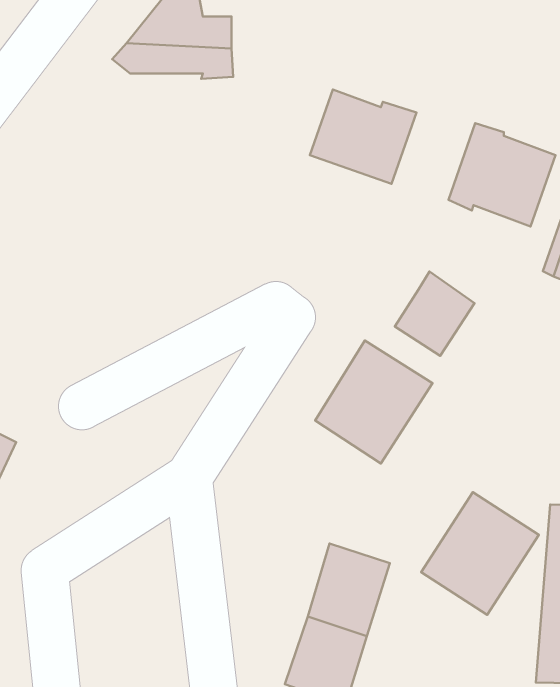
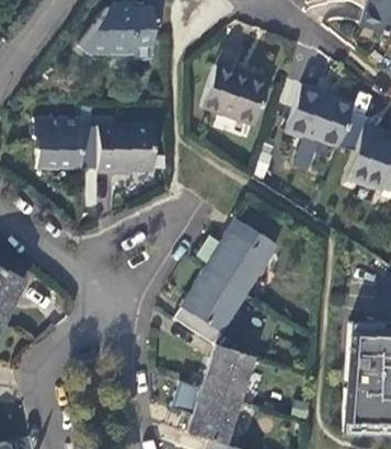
building: none -> [35,118,83,170]
building: none -> [97,125,152,174]
building: [395,272,474,356] -> none
building: [421,492,539,615] -> [174,268,246,344]

